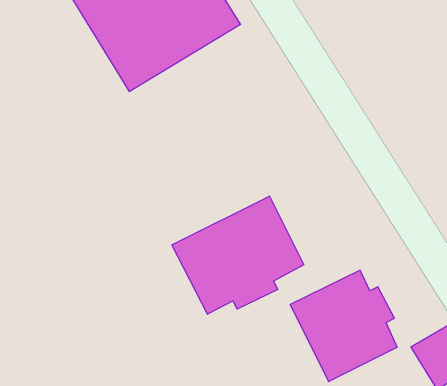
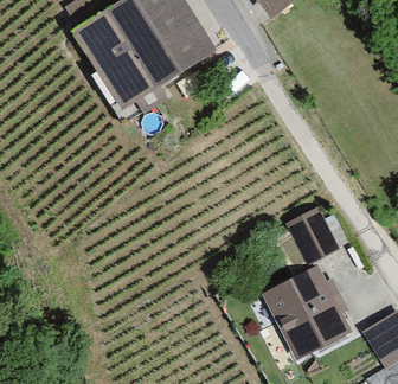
building: [172,196,304,314] -> none
building: none -> [285,206,340,265]

